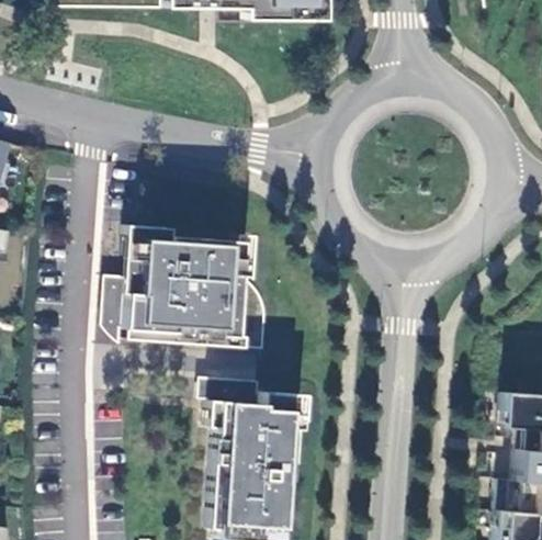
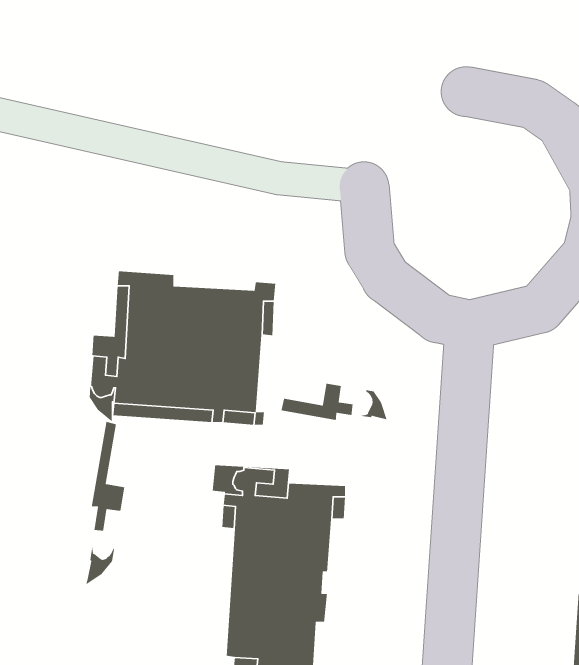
building: none -> [281,383,388,421]
building: none -> [85,421,125,586]

